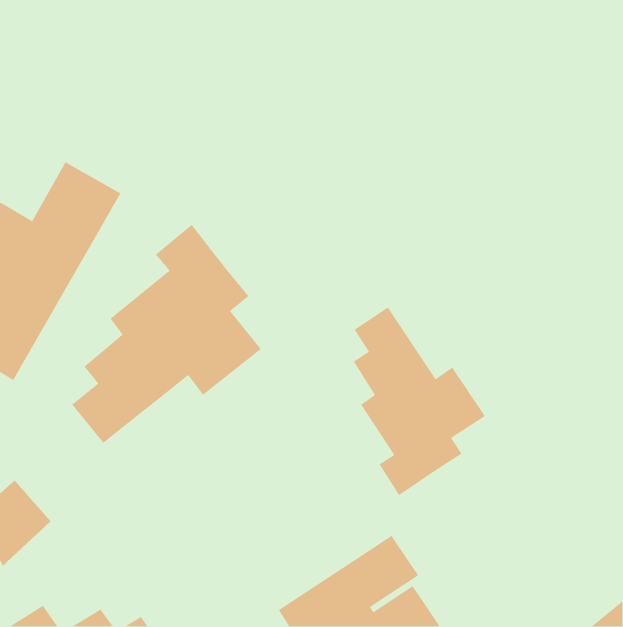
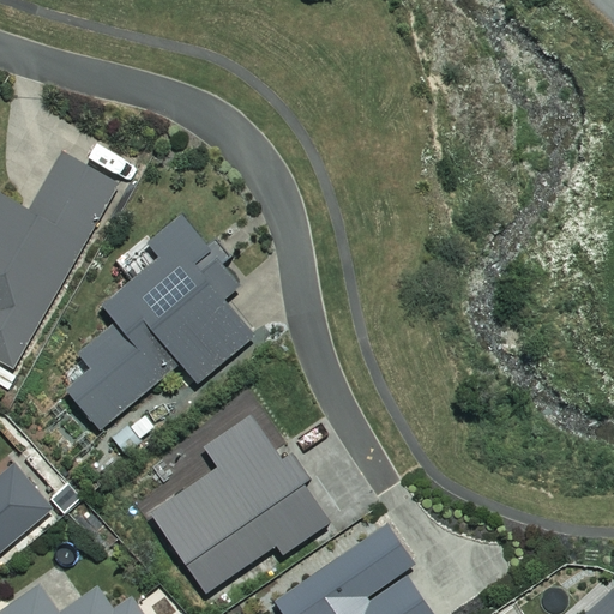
building: [353,307,486,496] -> none
building: none -> [146,410,326,590]

